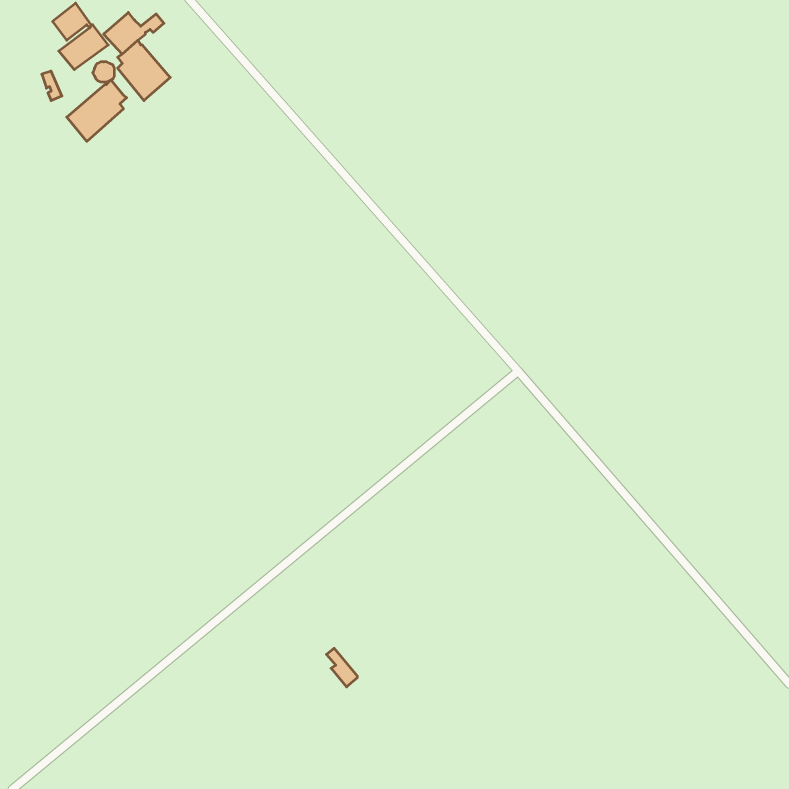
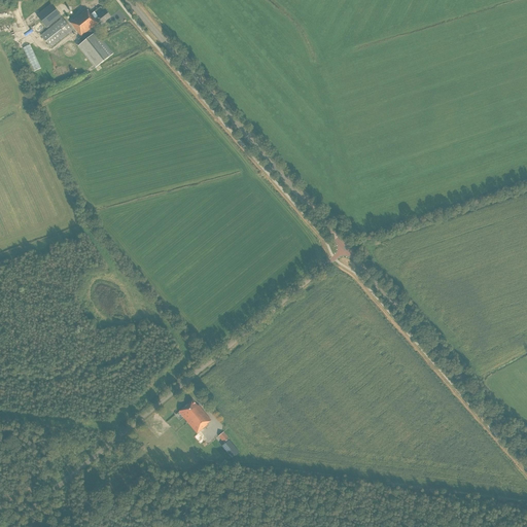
building: [67,80,127,141] -> none
building: none -> [178,399,210,432]

